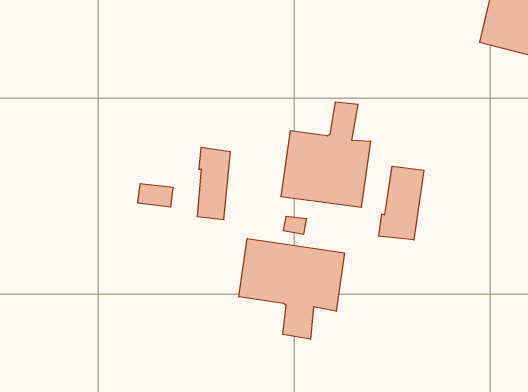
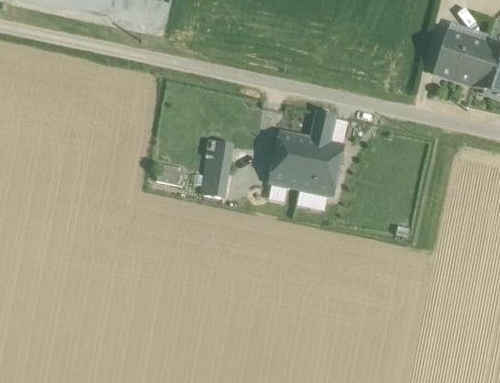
building: [379,166,424,240] -> none
building: [239,238,344,339] -> none

